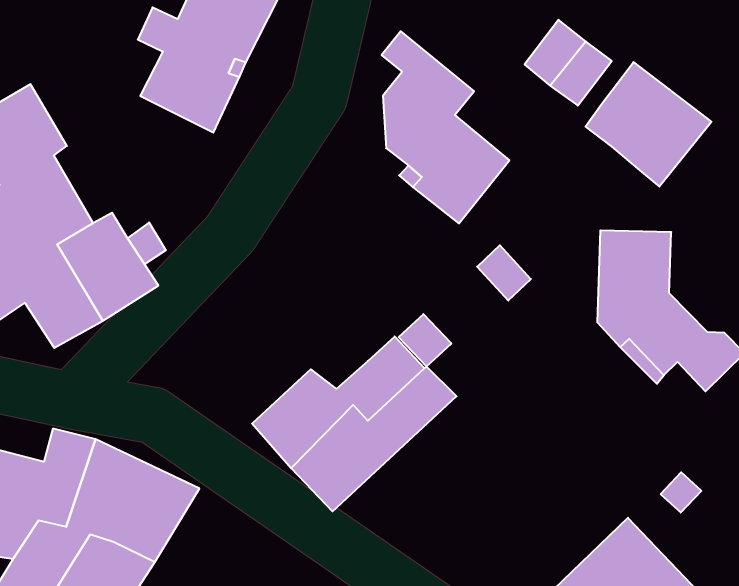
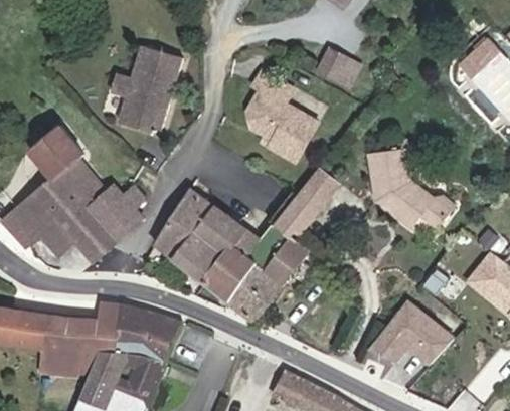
building: [586,62,711,187] -> none
building: none -> [154,190,259,283]
building: none -> [284,183,327,228]

